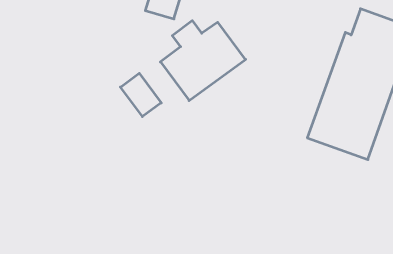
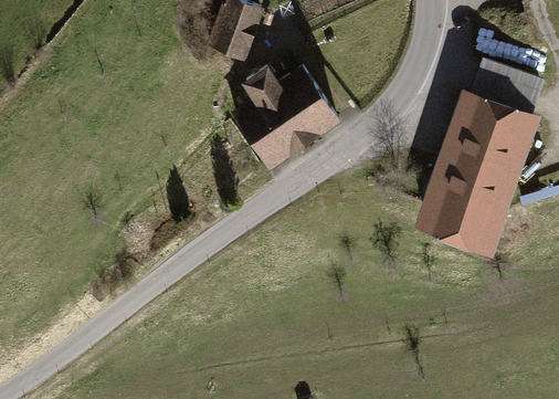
building: [120,73,161,117] -> none

